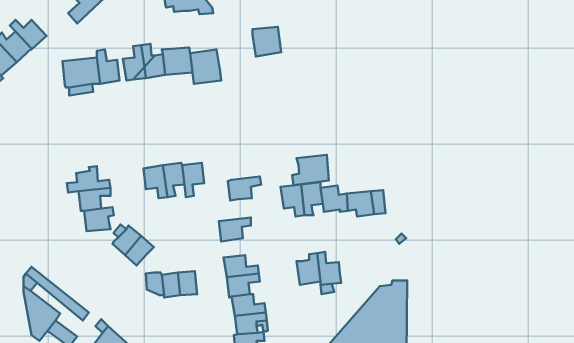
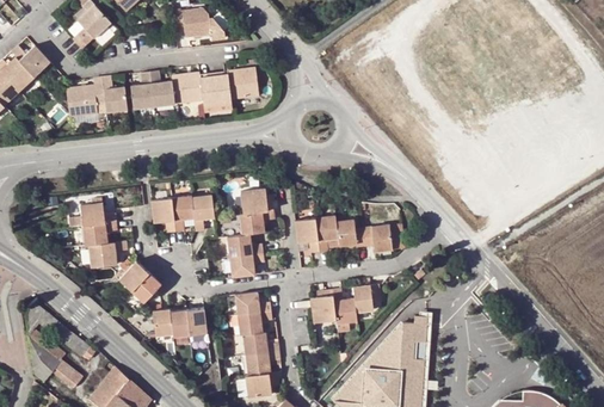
building: [253,27,281,57] -> [228,69,258,100]
building: [292,155,329,185] -> none
building: none -> [241,189,273,214]
building: none -> [228,234,264,257]
building: none -> [353,284,382,312]

